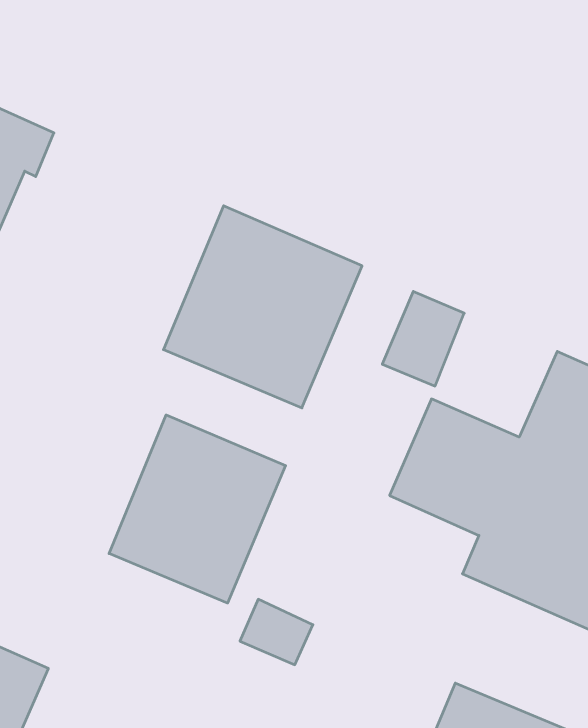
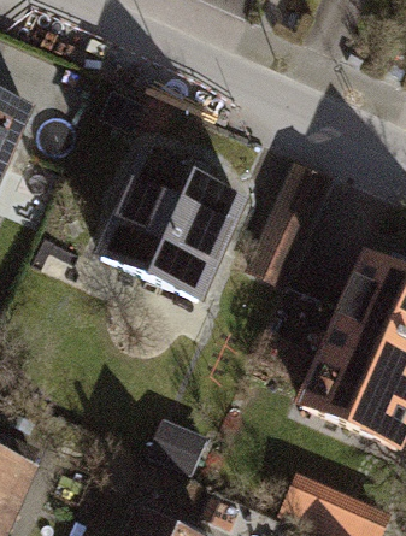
building: [109,415,286,603] -> none

